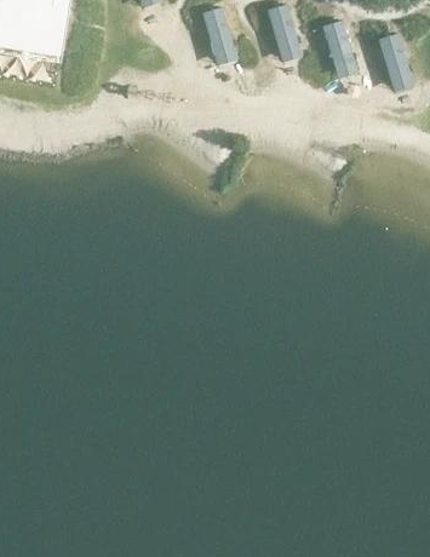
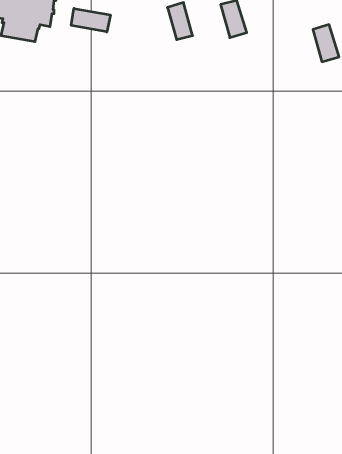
building: none -> [71,8,110,32]
building: [323,21,354,65] -> none

